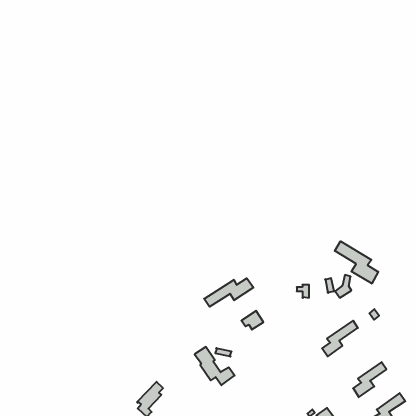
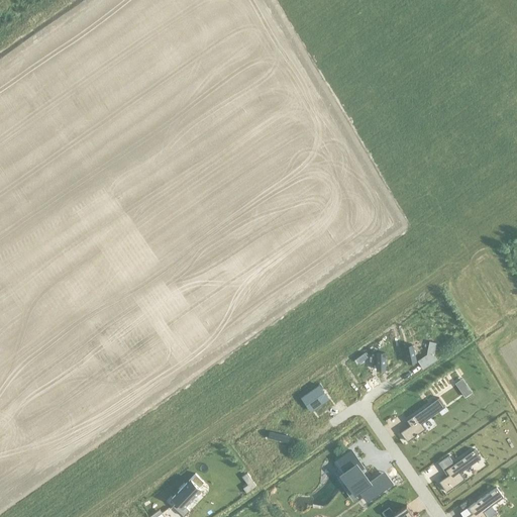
building: [335,241,378,284] -> none
building: [204,278,253,307] -> none
building: [195,347,235,385] -> [335,451,385,499]

